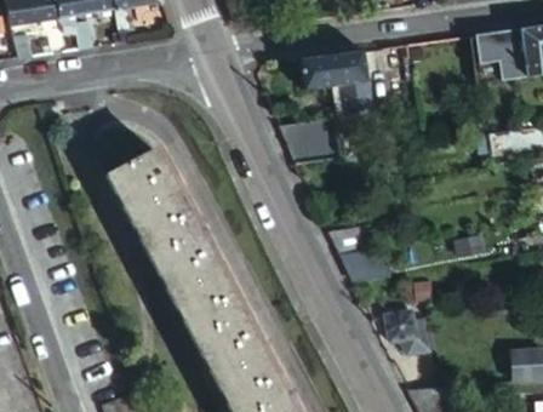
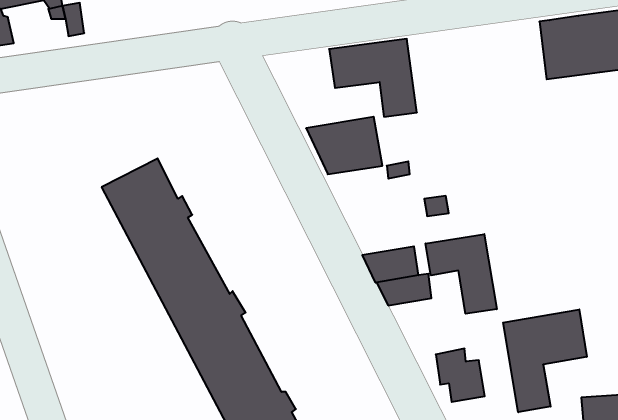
building: none -> [426,234,497,314]
building: none -> [503,309,587,412]

